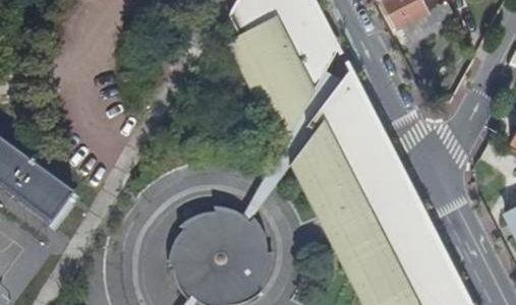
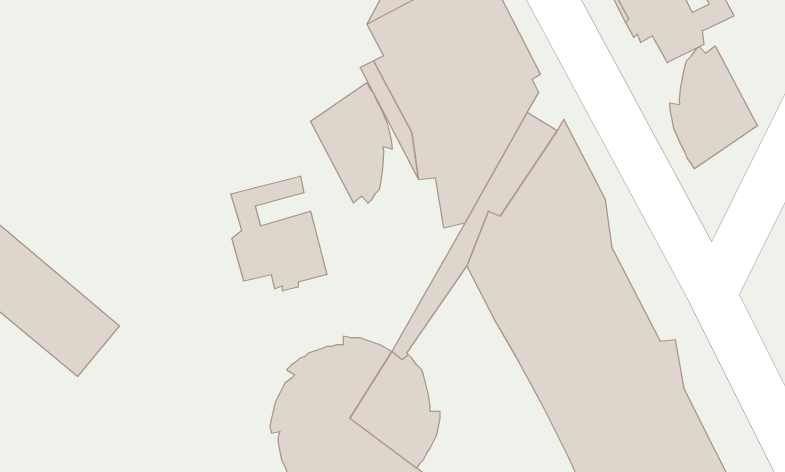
building: none -> [670,46,758,169]
building: none -> [311,83,392,203]
building: none -> [231,176,327,291]

